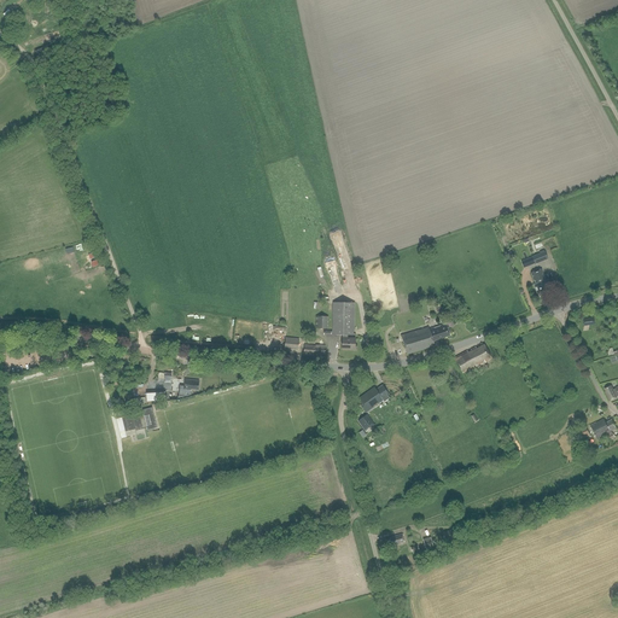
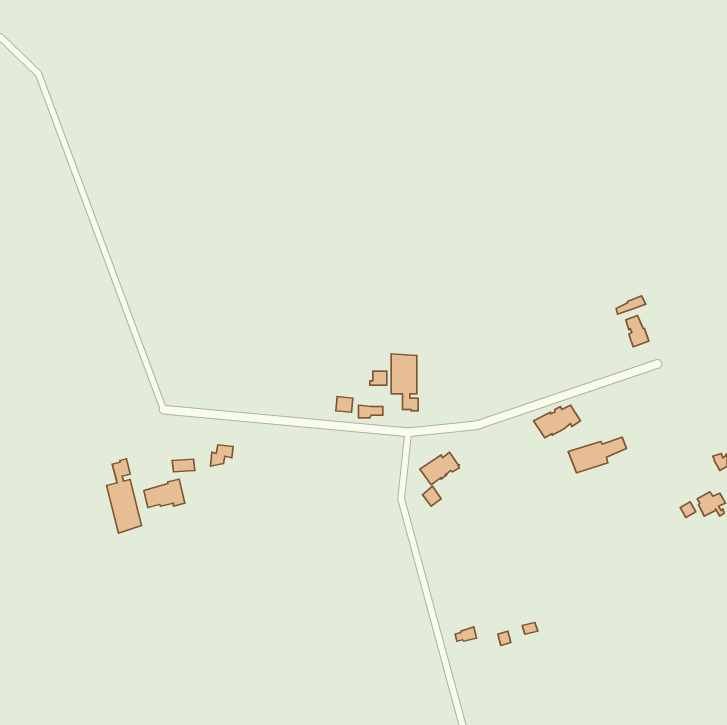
building: [401,322,450,352] -> [568,437,626,473]
building: none -> [107,459,142,533]

